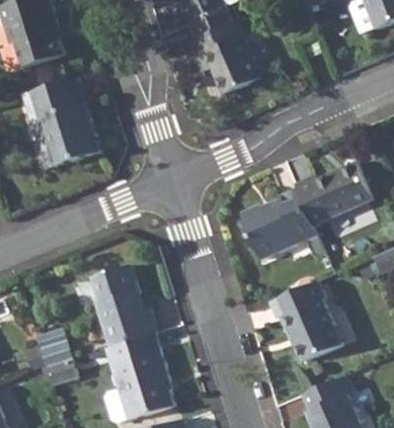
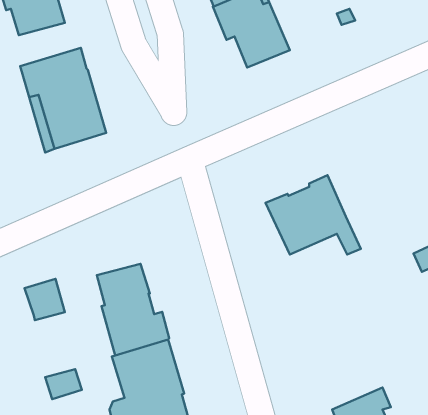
building: [293,162,371,225] -> none
building: [267,280,340,360] -> none
building: [36,330,72,366] -> [25,279,65,320]

